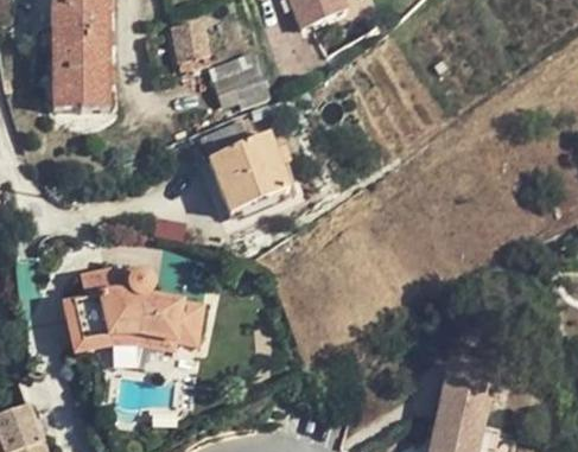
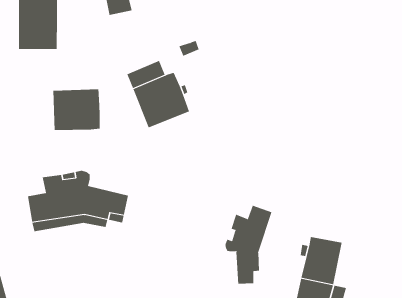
building: [212,51,268,115] -> none
building: none -> [53,88,100,131]
building: none -> [225,205,272,284]

